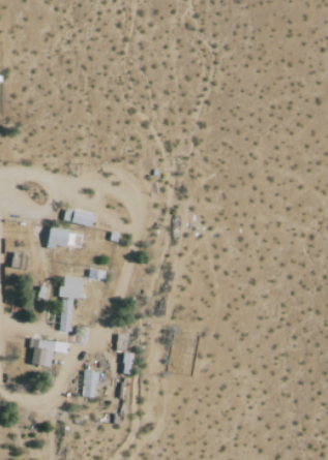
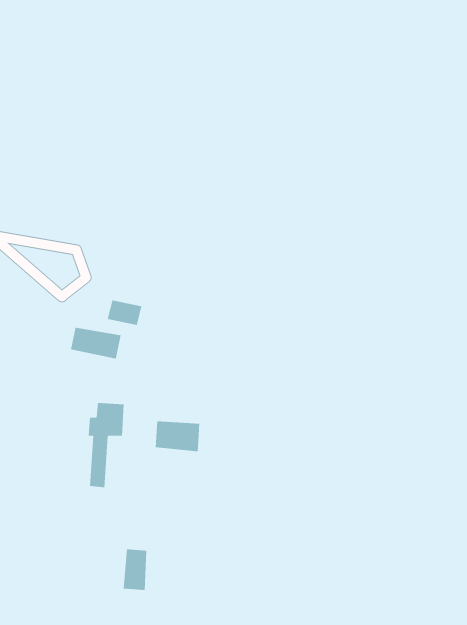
building: none -> [155,420,200,452]
building: [30,338,68,366] -> none

